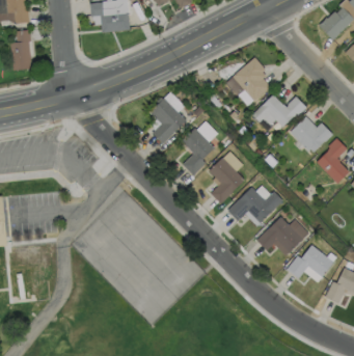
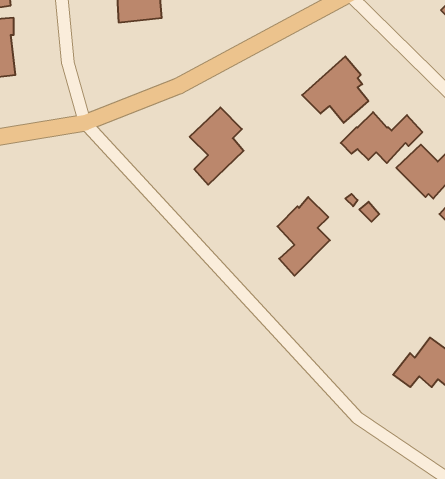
building: [181,120,217,174] -> none
building: [226,186,282,225] -> none
building: [256,216,308,255] -> none

